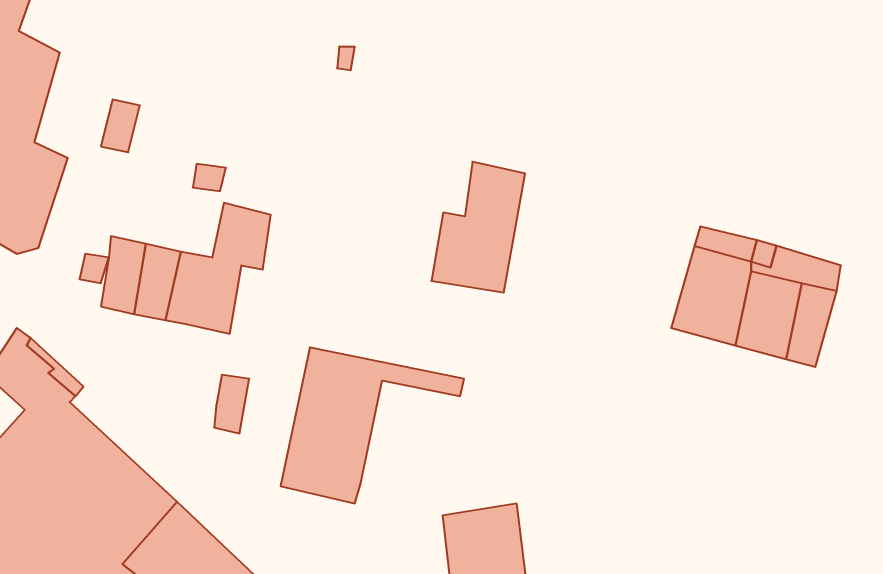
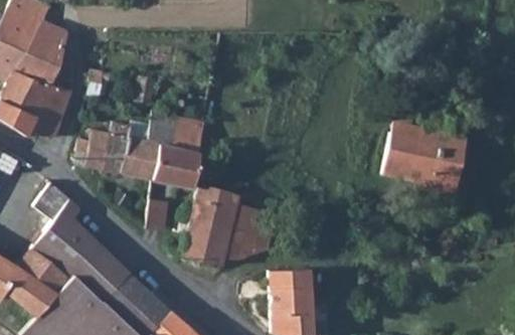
building: [431,162,525,293] -> [154,119,202,186]
building: none -> [221,204,283,260]

